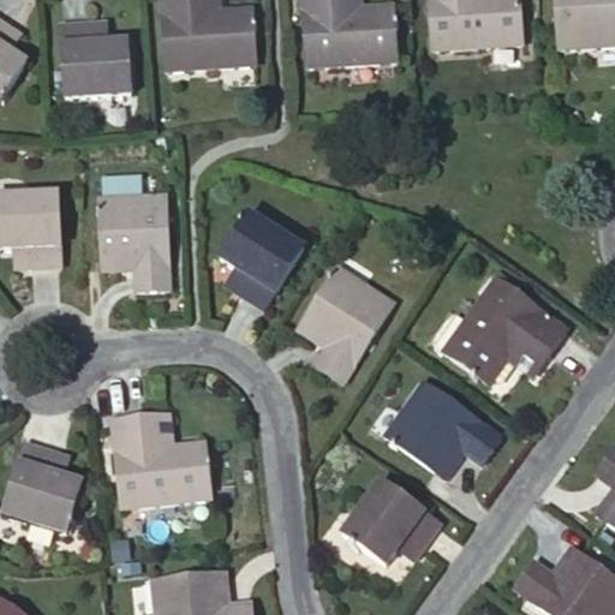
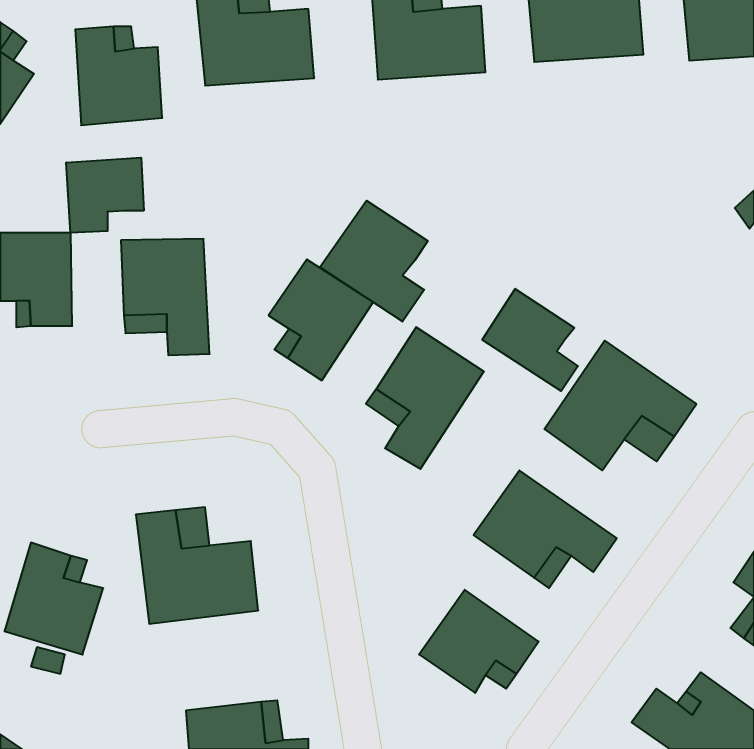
building: none -> [66,158,144,233]
building: none -> [320,201,428,322]
building: none -> [482,289,578,391]

